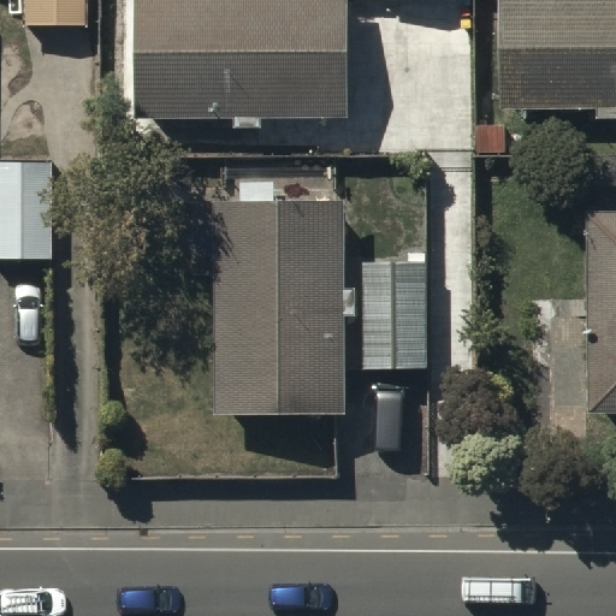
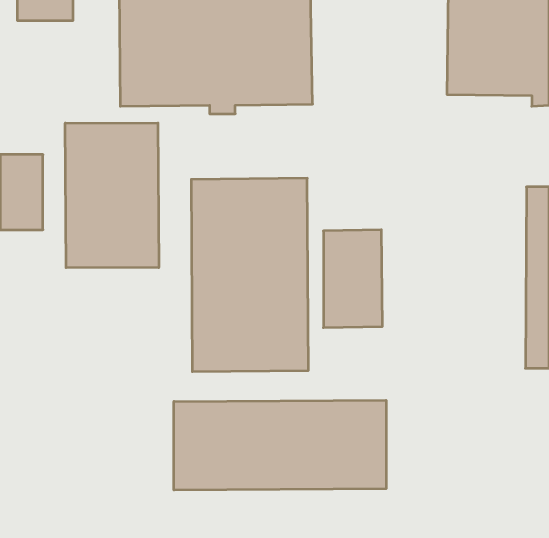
building: none -> [65,123,159,268]
building: none -> [174,400,386,490]

